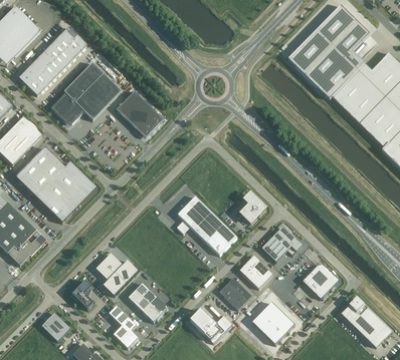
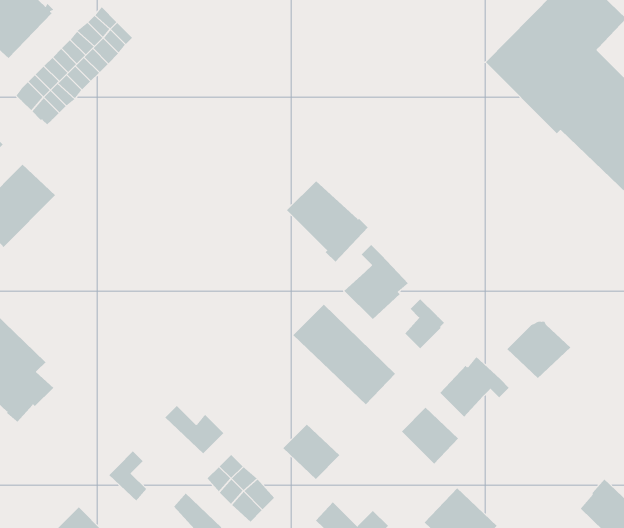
building: [50,61,120,122] -> none
building: [116,90,163,137] -> [286,180,369,263]
building: [14,145,95,221] -> none
building: none -> [344,244,409,320]
building: [97,261,126,295] -> none
building: [302,264,339,297] -> [506,321,571,379]
building: [218,276,251,308] -> [282,424,340,480]

